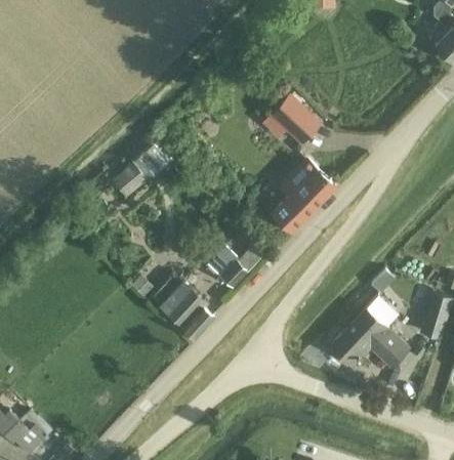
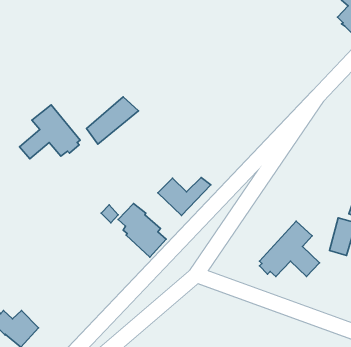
building: [271,96,321,144] -> none
building: none -> [19,105,80,159]
building: [273,162,335,233] -> none

